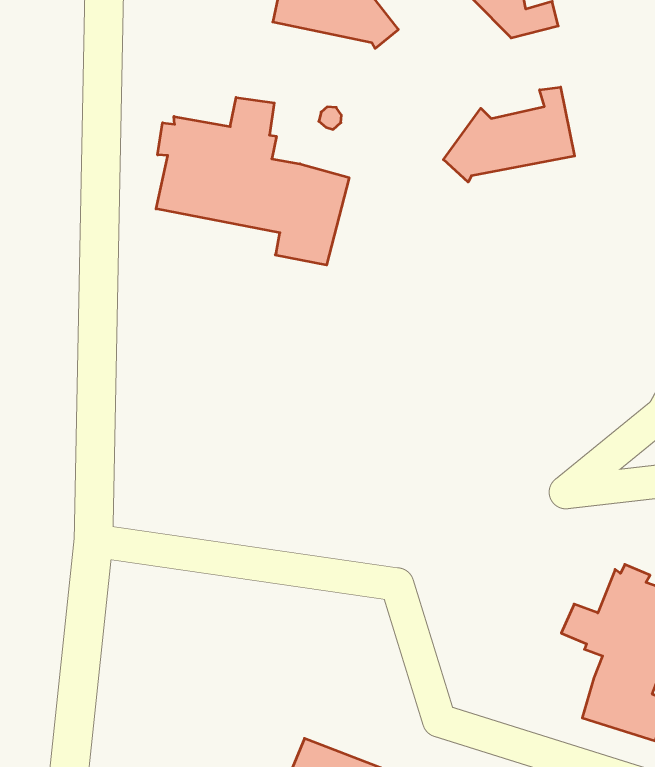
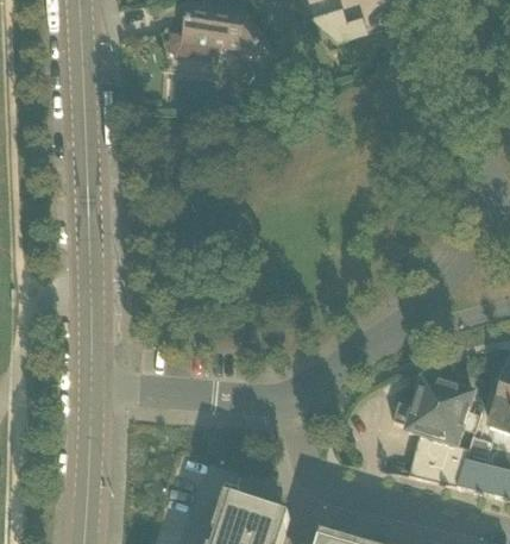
building: [443,87,575,182] -> none
building: [156,97,349,265] -> none

